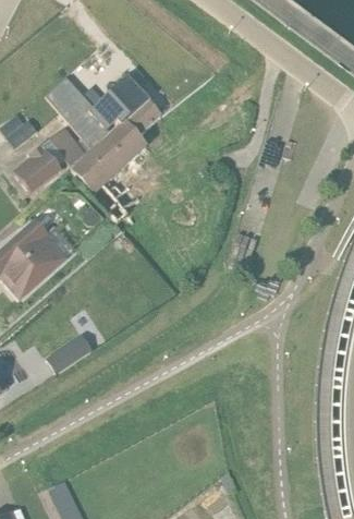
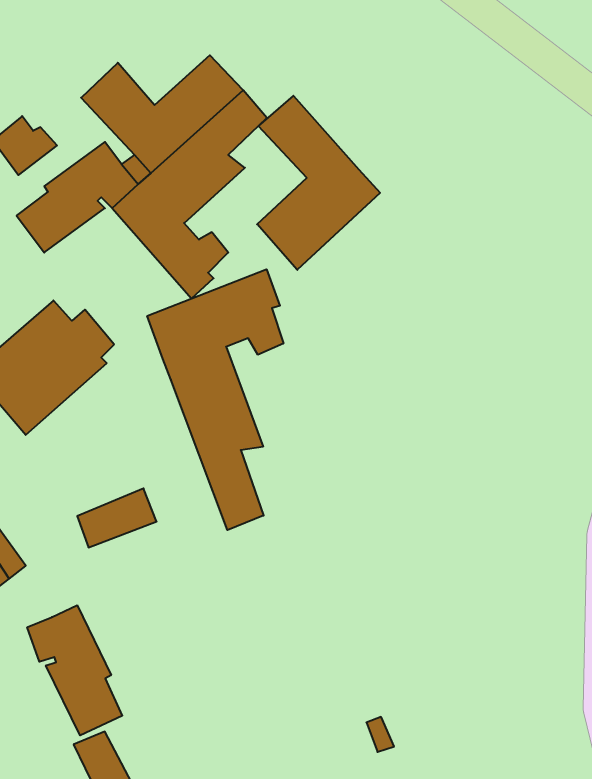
building: none -> [257,96,380,270]
building: none -> [147,269,283,530]
building: none -> [27,605,122,735]

